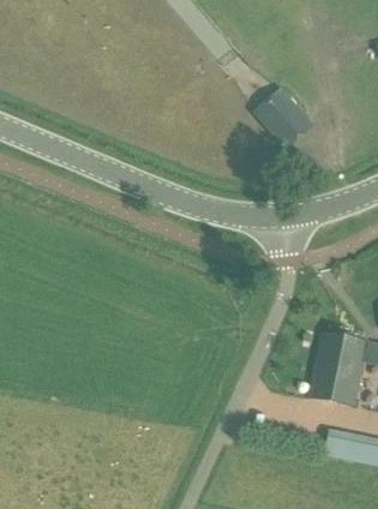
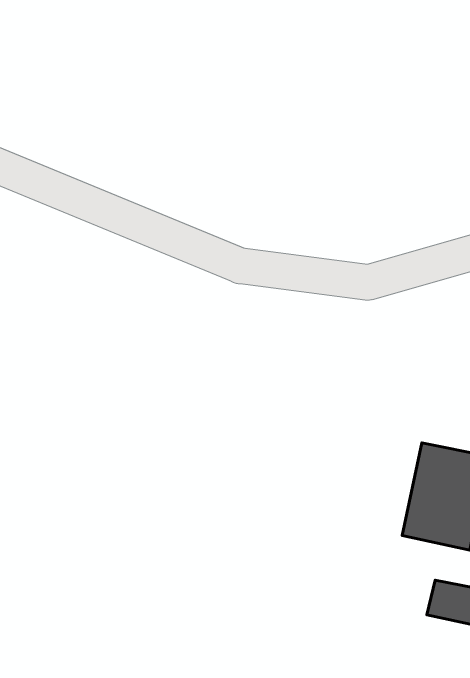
building: [253,86,313,146] -> none

